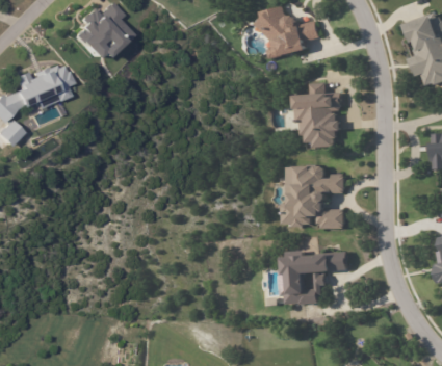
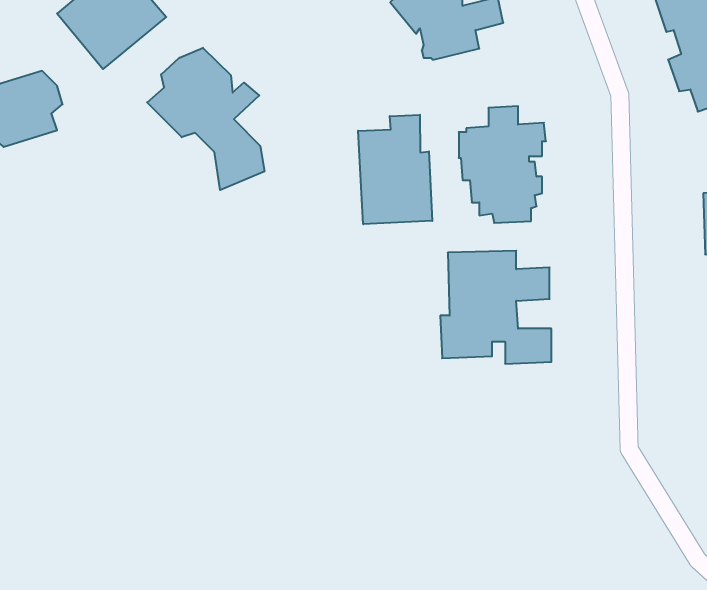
building: none -> [147,48,264,190]
building: none -> [358,115,432,224]
building: [281,250,347,304] -> none

